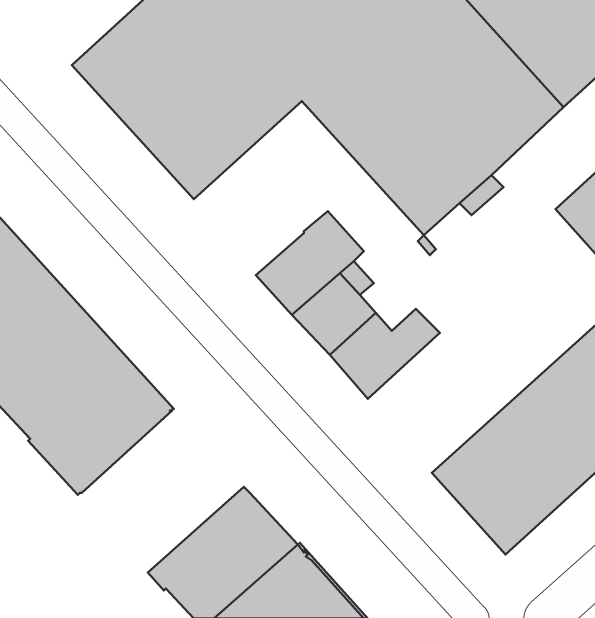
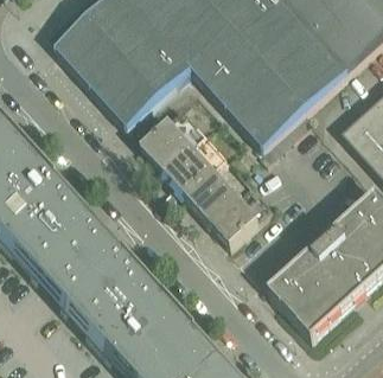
building: none -> [141,104,196,168]
building: none -> [58,248,157,345]

